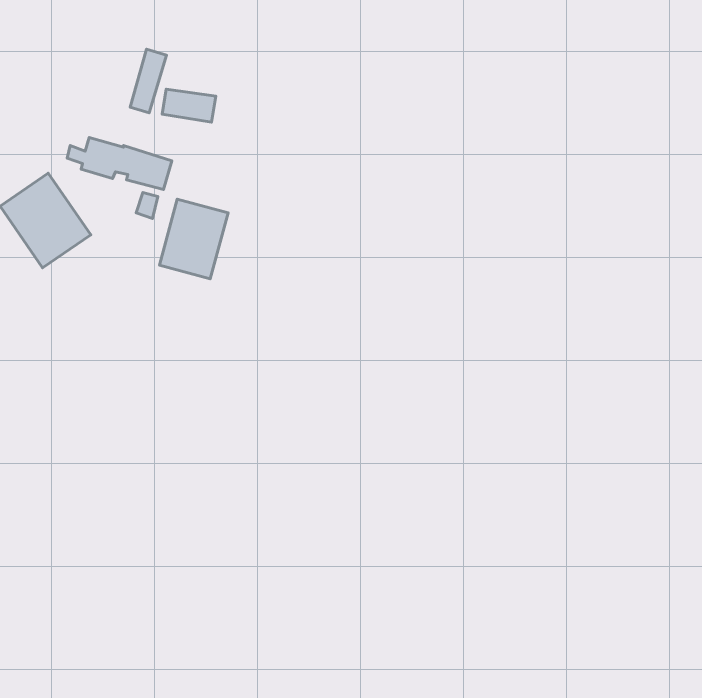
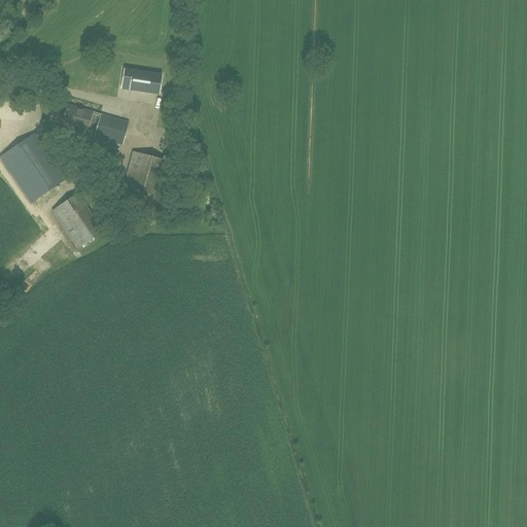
building: [130,49,167,113] -> none
building: none -> [51,191,103,247]

